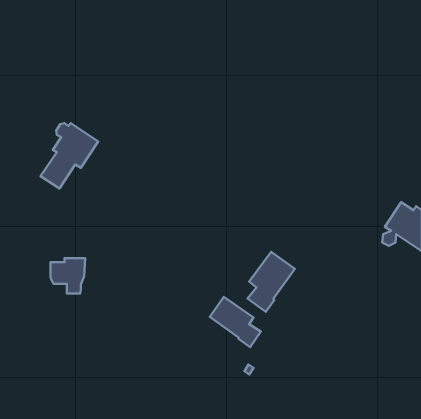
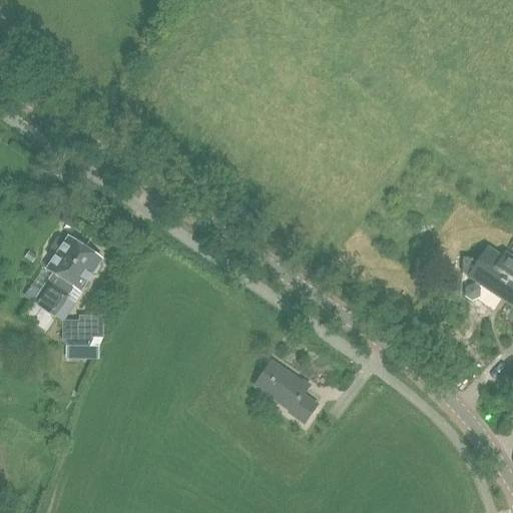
building: [40,123,98,188] -> [33,236,103,316]
building: [248,252,295,312] -> none

